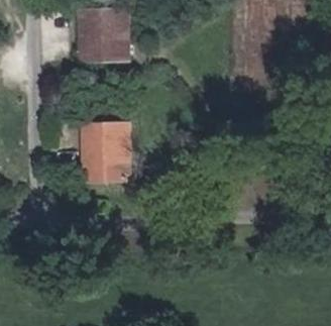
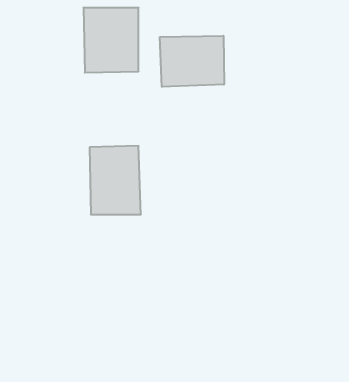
building: none -> [160,36,224,87]

